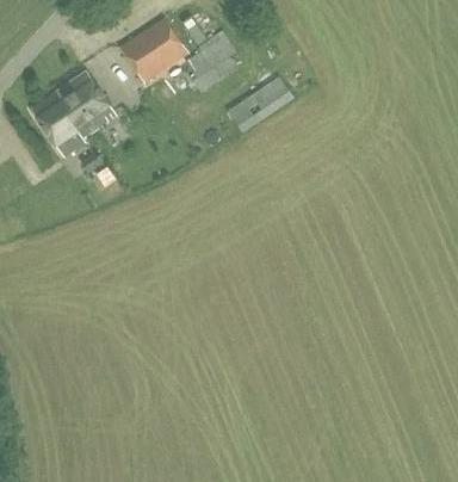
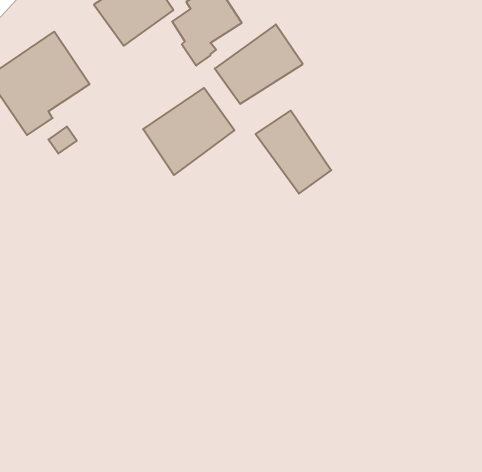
building: none -> [143,88,234,175]
building: none -> [256,111,331,194]

